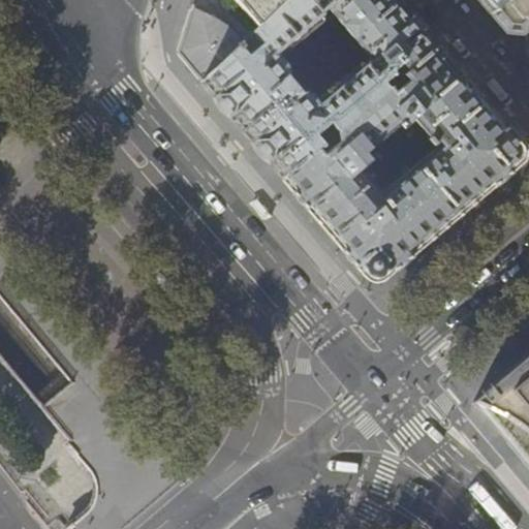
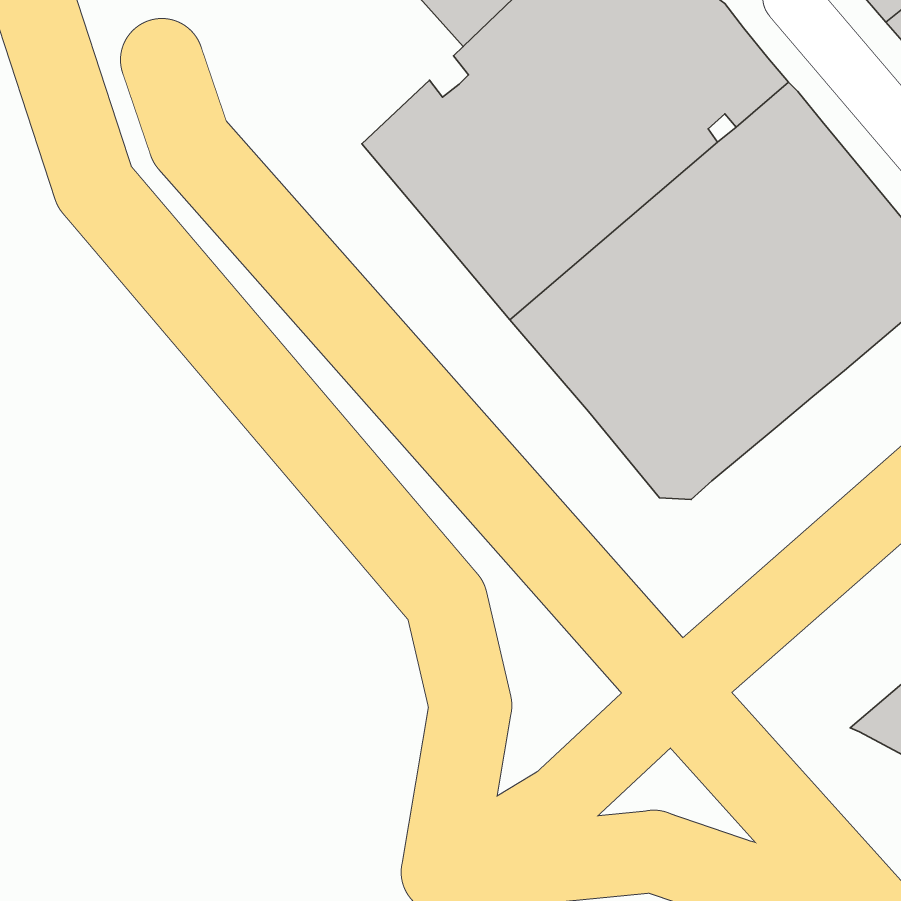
building: [182,6,248,80] -> none

